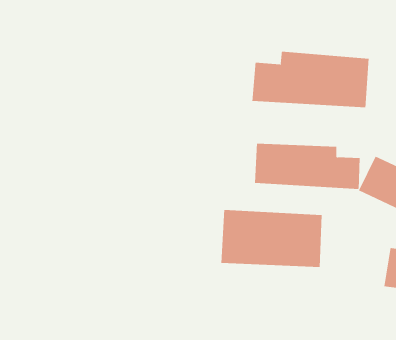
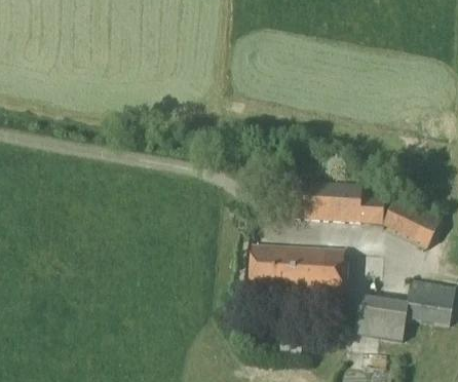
building: [252,51,369,108] -> none
building: none -> [353,292,409,339]

